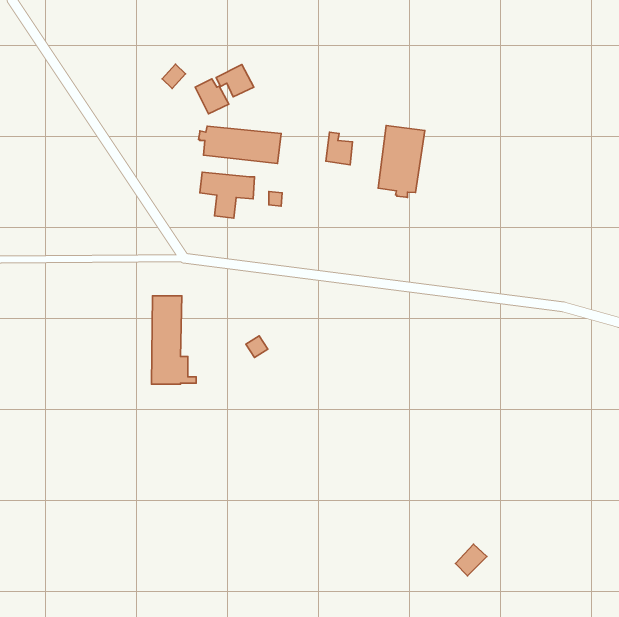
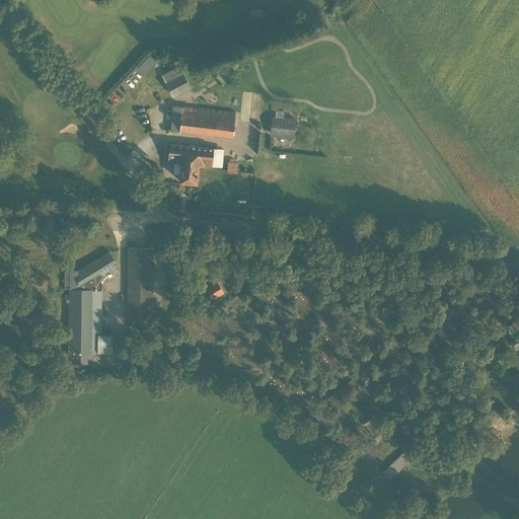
building: [216,65,254,97] -> none
building: [378,126,425,197] -> none
building: none -> [64,253,117,356]

